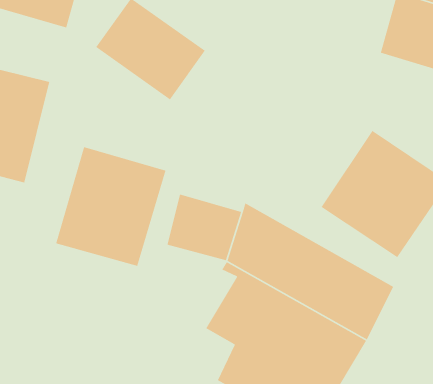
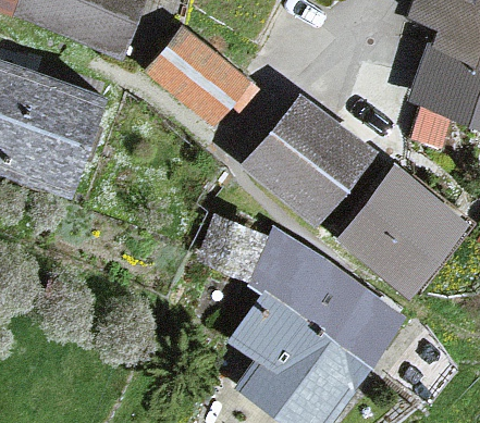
building: none -> [242,91,378,227]
building: [55,146,167,267] -> none

